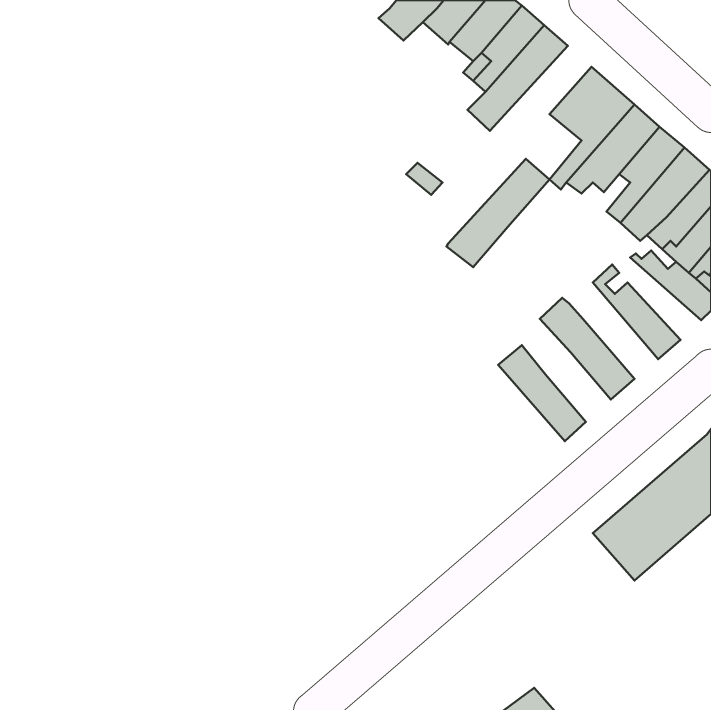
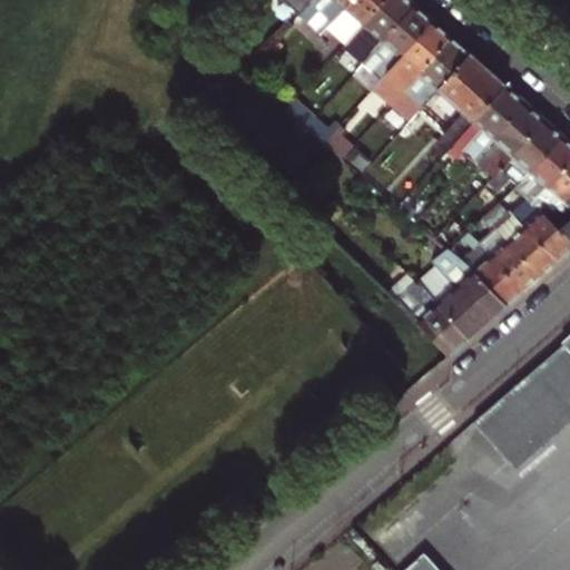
building: [447,159,550,267] -> [391,38,473,125]
building: none -> [490,205,561,273]
building: none -> [463,227,527,304]
building: none -> [436,283,489,338]

